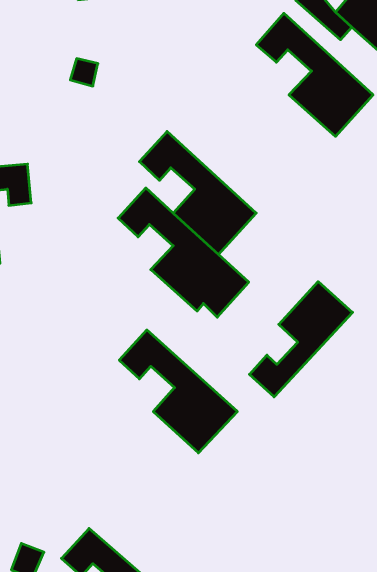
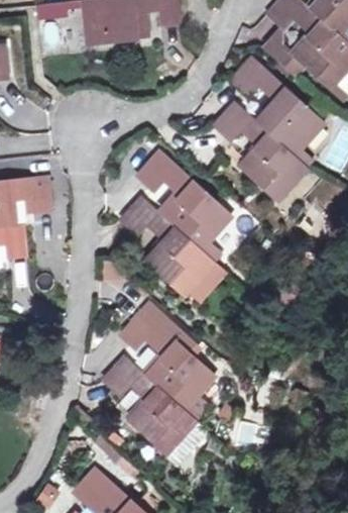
building: none -> [214,101,308,200]
building: [249,282,353,397] -> none
building: none -> [104,355,198,454]

